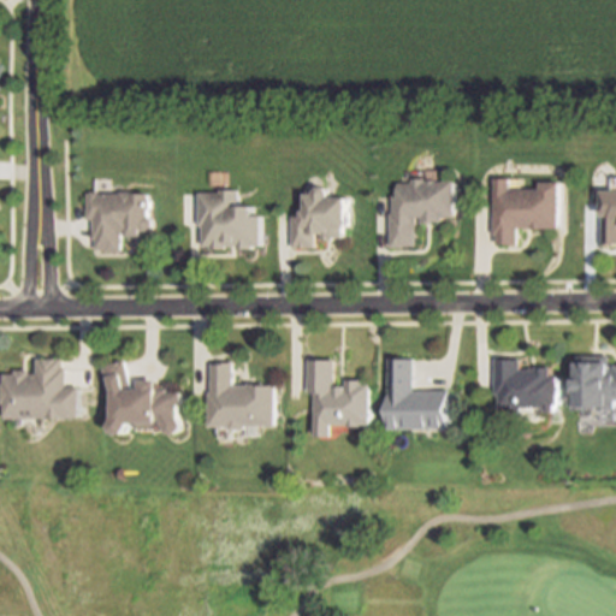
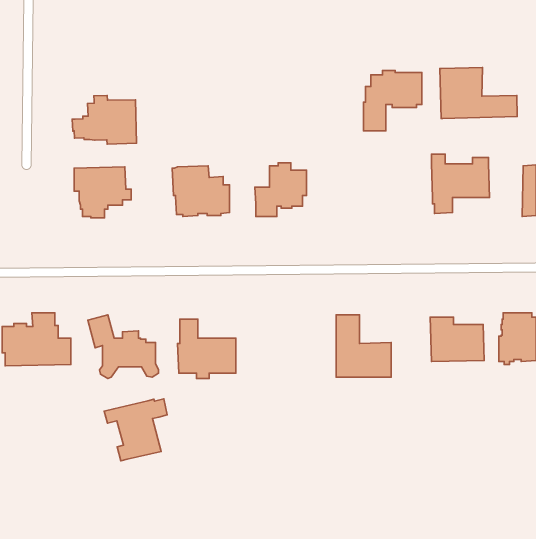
building: none -> [440,67,517,119]
building: none -> [72,96,137,144]
building: [390,177,456,245] -> [364,71,422,131]
building: [303,361,367,437] -> none
building: none -> [104,399,167,461]

